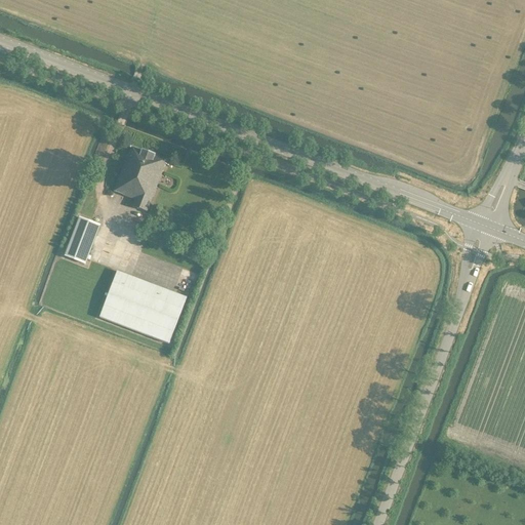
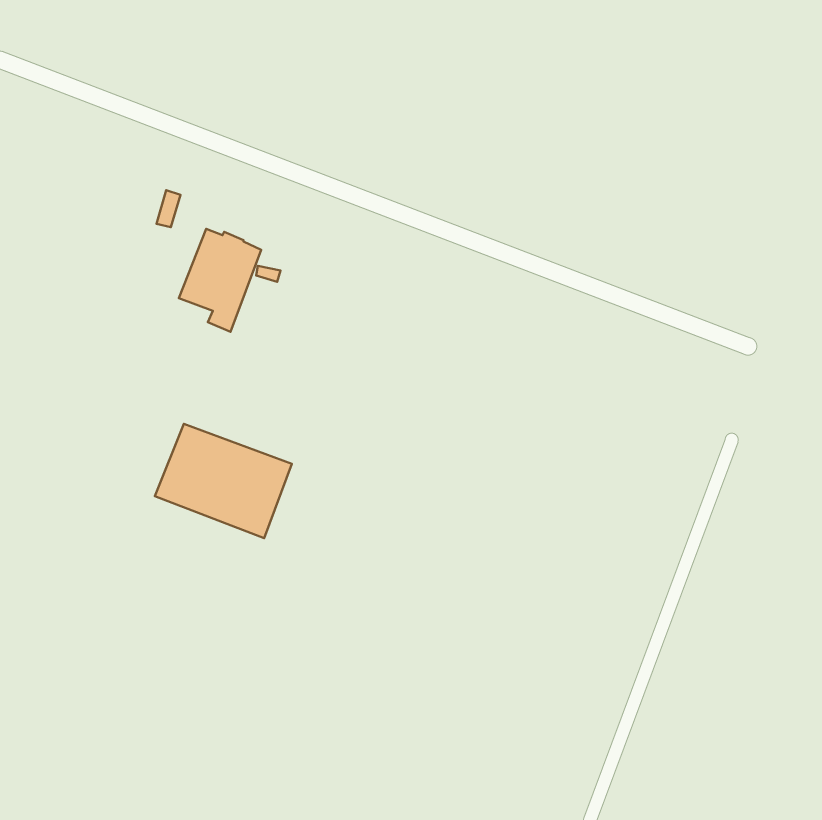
building: [65,216,98,262] -> none

